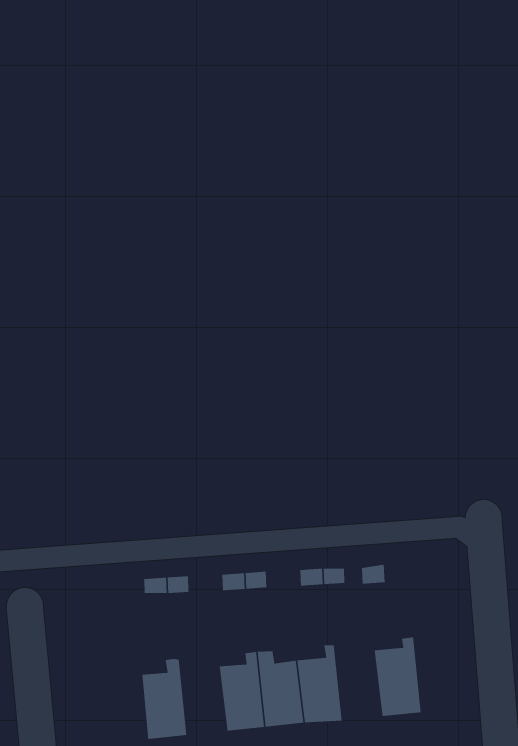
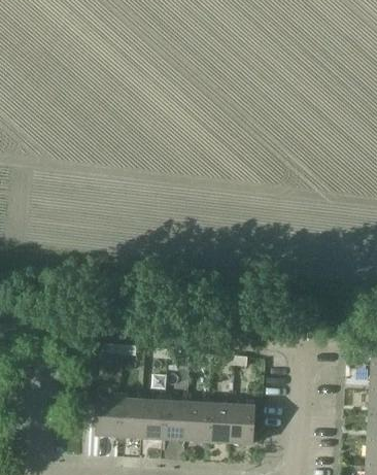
building: none -> [209,398,233,442]
building: none -> [121,393,144,437]

